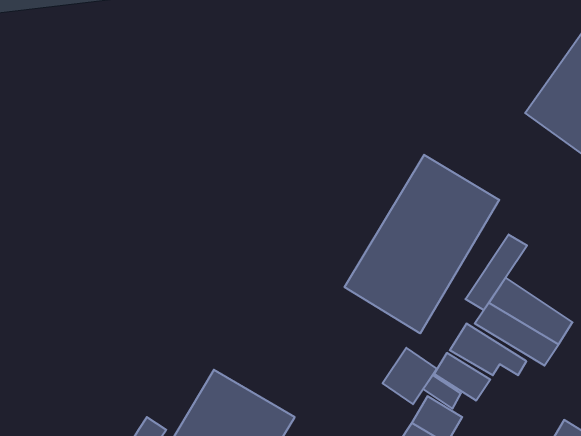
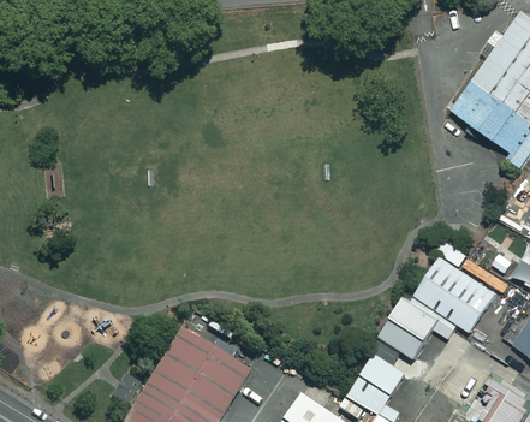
building: [345,155,499,333] -> none
building: [465,234,527,310] -> none
building: [383,348,437,404] -> none

